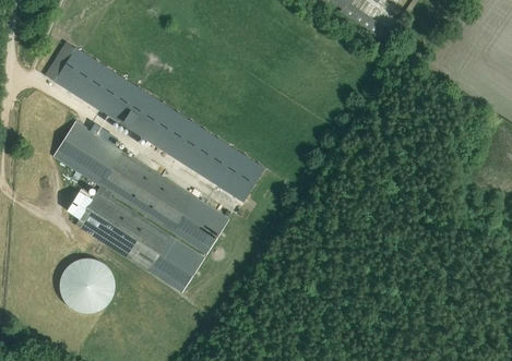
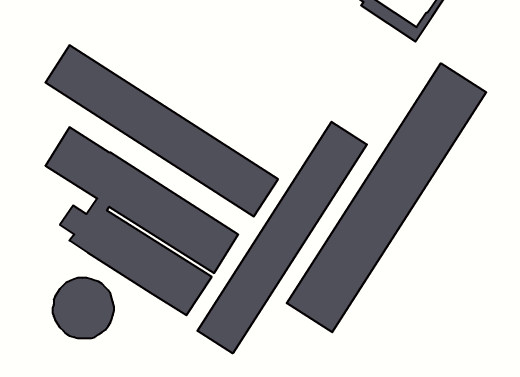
building: none -> [287,63,486,332]
building: none -> [197,122,367,353]

